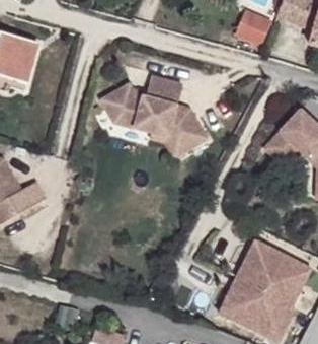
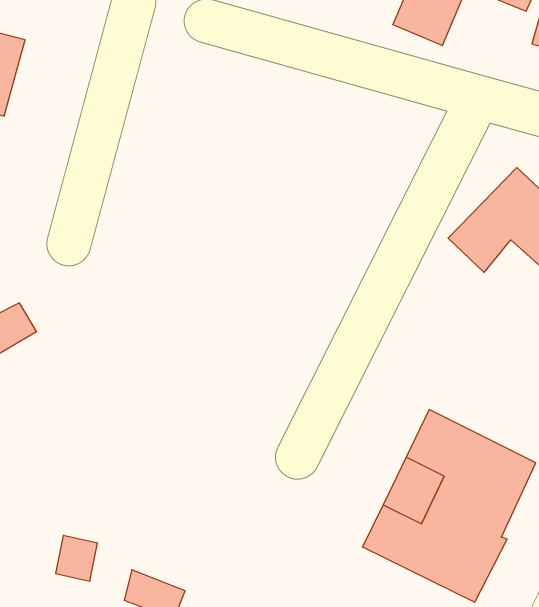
building: [106,75,207,153] -> none

